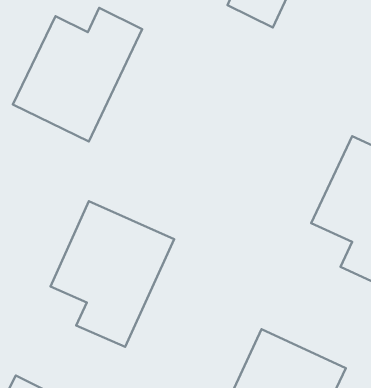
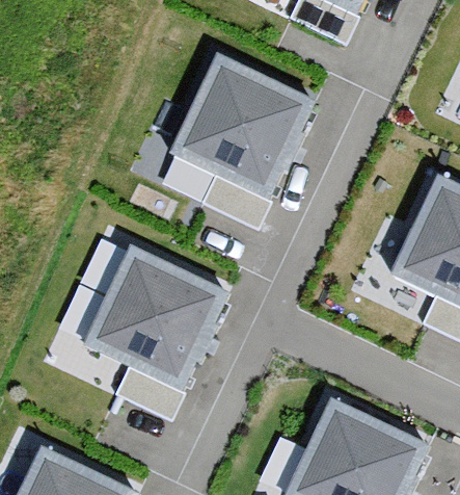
building: [13,8,142,141] -> none
building: none -> [168,52,313,214]

